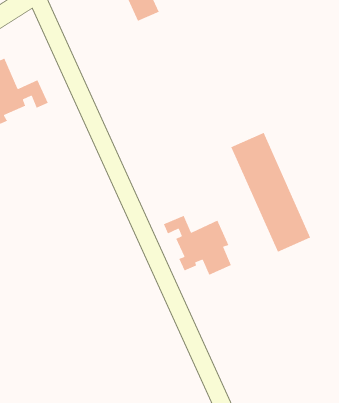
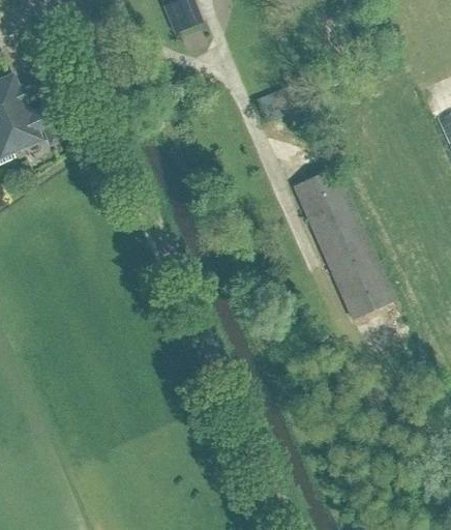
building: [163,215,232,276] -> none

